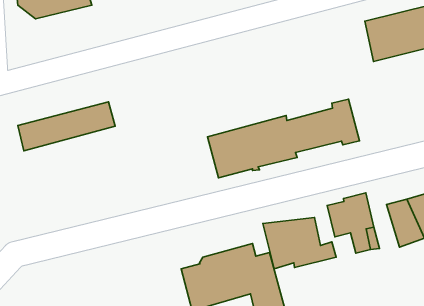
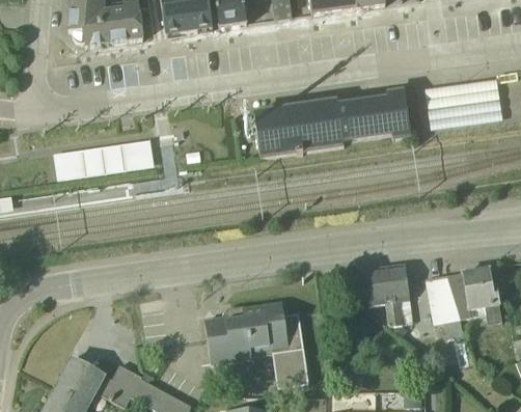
building: [208,99,360,178] -> [253,91,410,157]
building: [263,218,336,269] -> none

